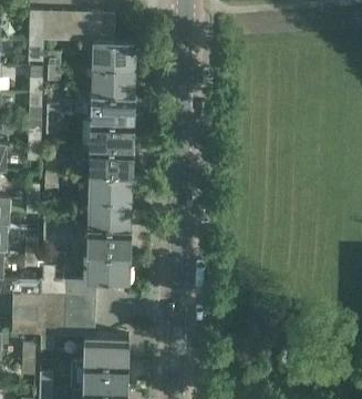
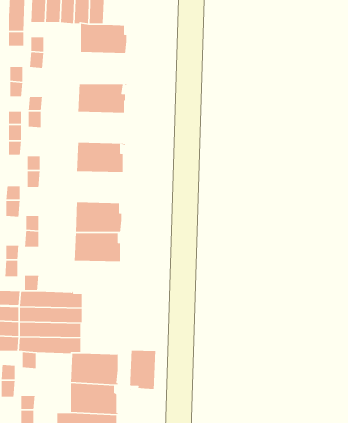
building: [91,68,134,95] -> none
building: [90,121,133,149] -> none
building: [89,174,132,202] -> none
building: [86,254,130,284] -> none
building: none -> [129,350,156,390]

